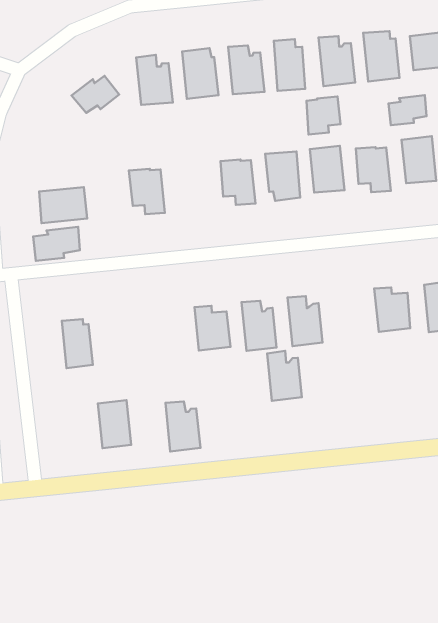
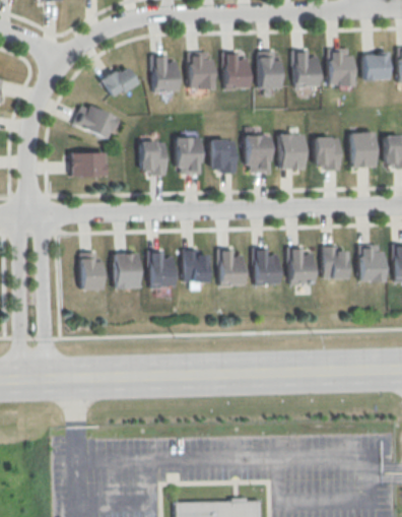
building: [389,95,426,125] -> none
building: [306,97,341,135] -> none
building: none -> [72,105,116,139]
building: none -> [177,138,201,174]
building: [33,227,80,261] -> none
building: [267,351,302,401] -> [289,247,314,284]
building: [98,400,131,448] -> [115,253,138,288]
building: [165,401,200,451] -> [149,251,174,288]

